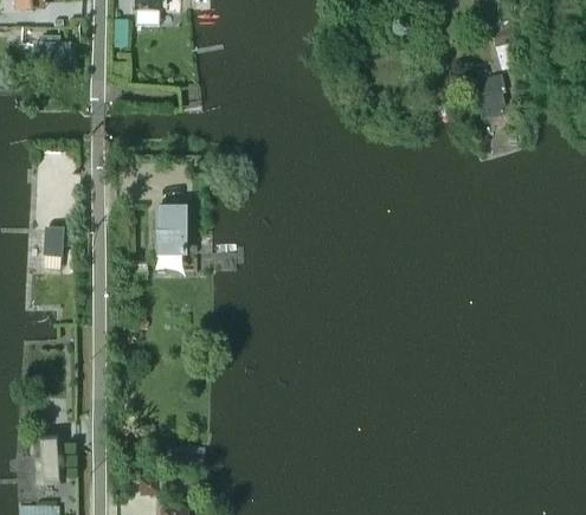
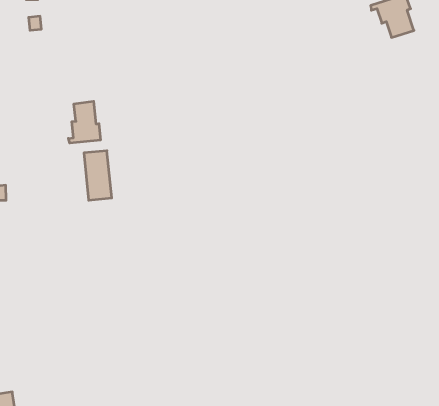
building: none -> [68,101,100,143]

